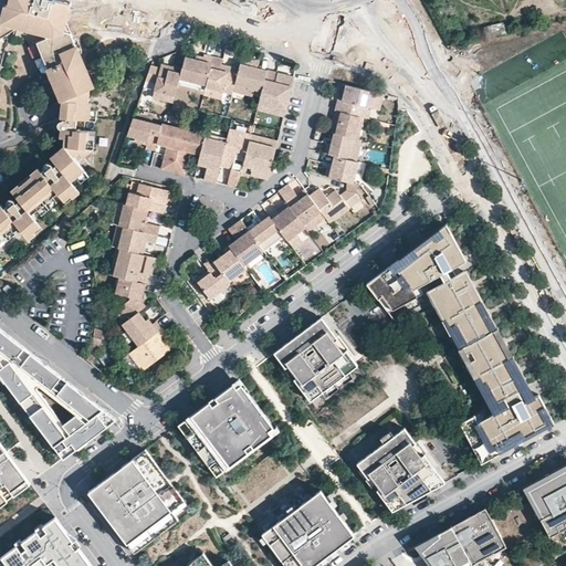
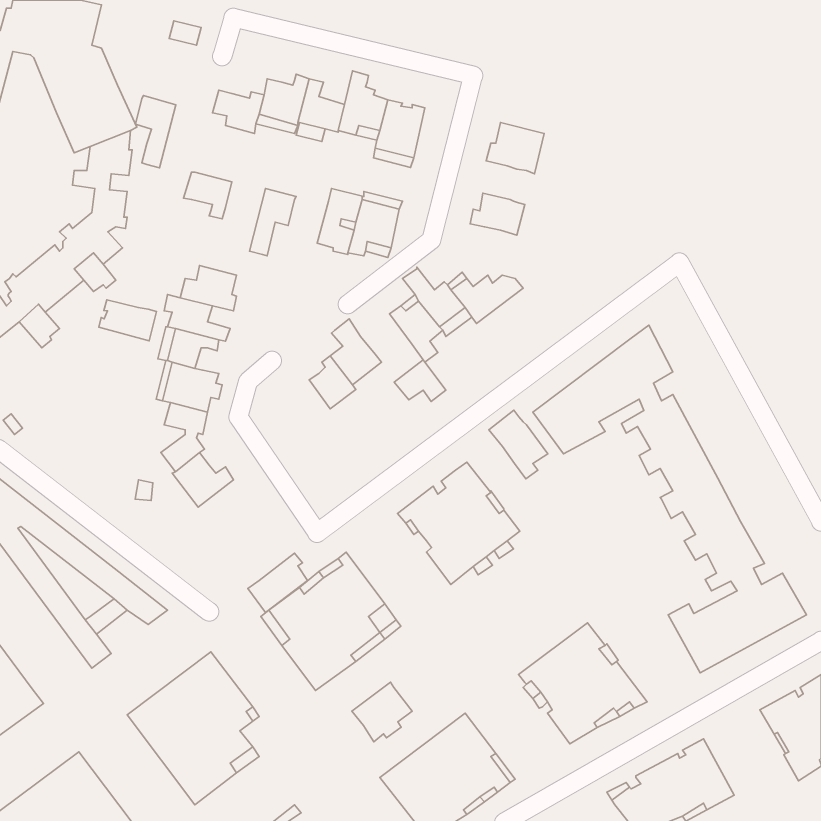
building: [329,112,361,139] -> none
building: [155,124,182,174] -> [136,95,176,168]
building: [196,134,226,185] -> none
building: [327,157,357,185] -> none
building: none -> [99,300,156,341]
building: [248,217,283,245] -> [394,360,446,402]
building: [195,259,228,298] -> none
building: none -> [489,410,548,479]
building: [128,331,169,371] -> [248,553,307,613]
building: [12,363,78,427] -> none
building: [66,420,102,450] -> none
building: none -> [352,682,412,742]

